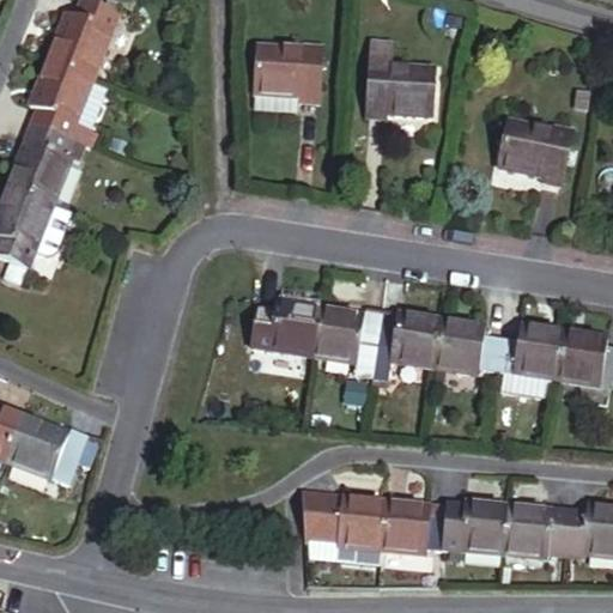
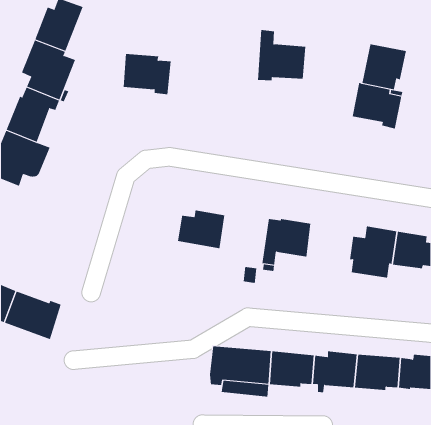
building: [254,43,323,102] -> [123,54,172,95]
building: none -> [362,44,406,90]
building: [312,305,381,375] -> none
building: [436,317,500,371] -> none

